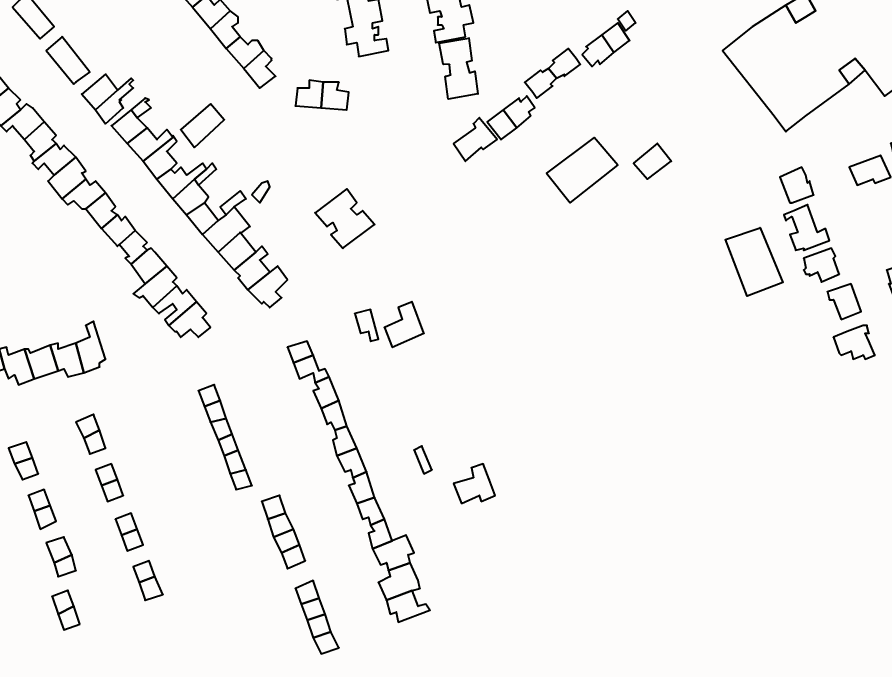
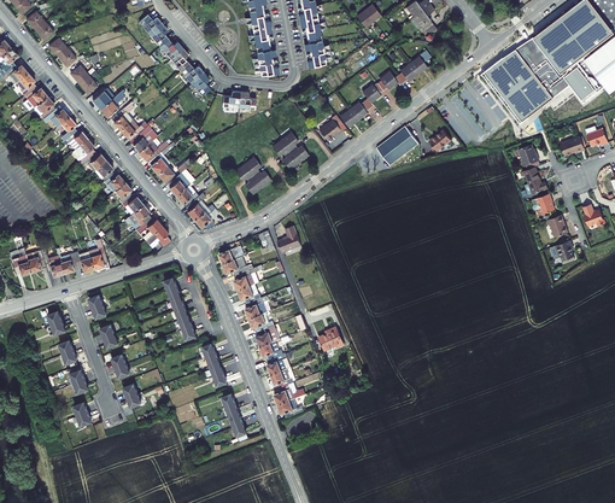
building: [439,38,478,99] -> none
building: none -> [271,133,308,169]
building: [725,228,783,296] -> none

